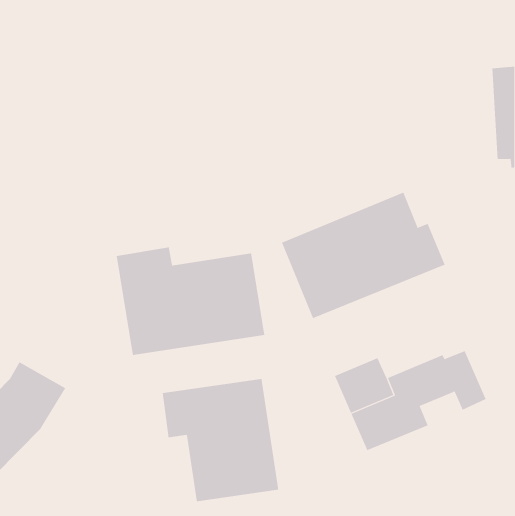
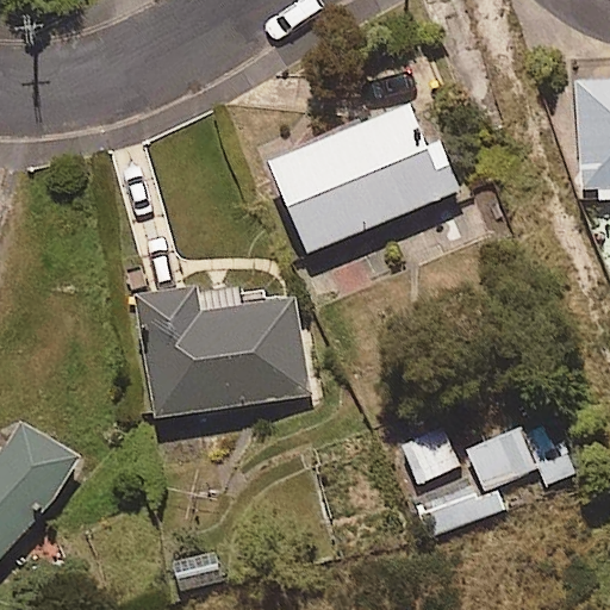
building: [281,192,446,319] -> [270,105,463,254]
building: [162,378,279,502] -> none

